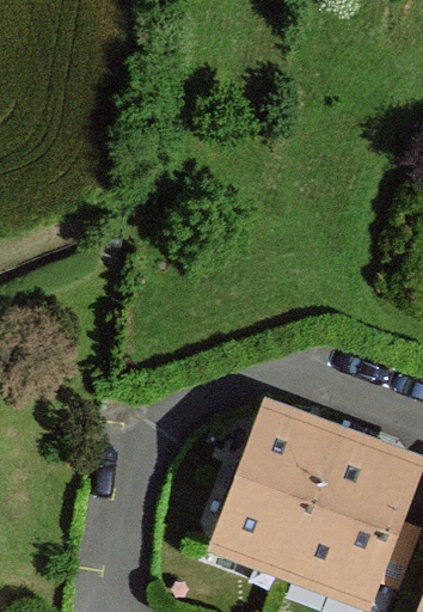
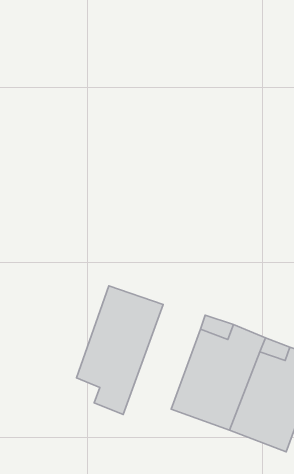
building: none -> [76,286,163,415]

